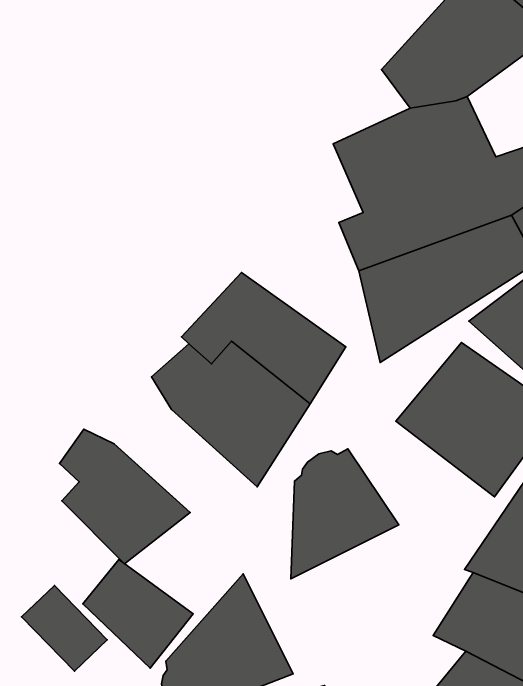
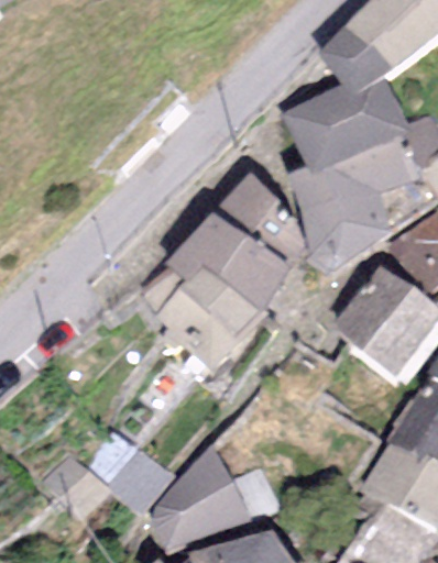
building: none -> [211,170,305,268]
building: [59,429,190,564] -> none
building: [291,449,399,579] -> none

